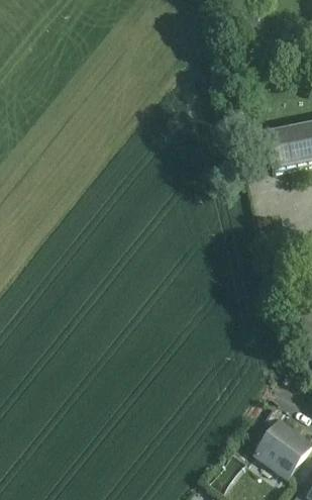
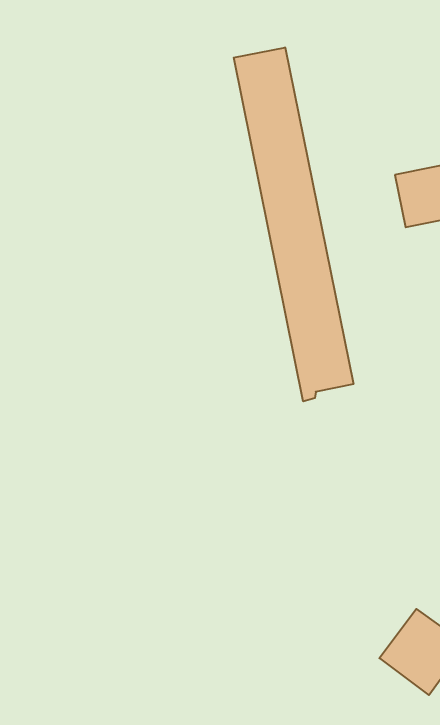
building: none -> [234,47,353,401]

